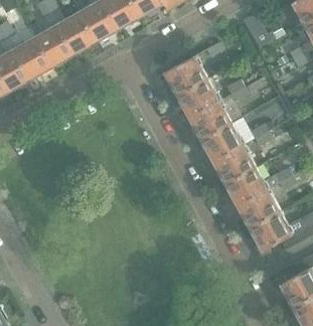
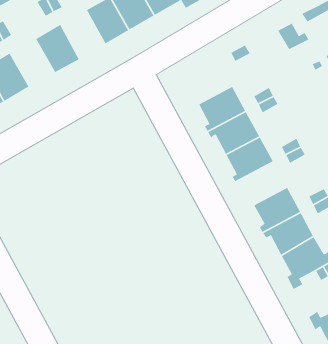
building: [55,12,95,55] -> none
building: [11,37,50,79] -> none
building: [157,55,206,95] -> none
building: [208,145,255,183] -> none

